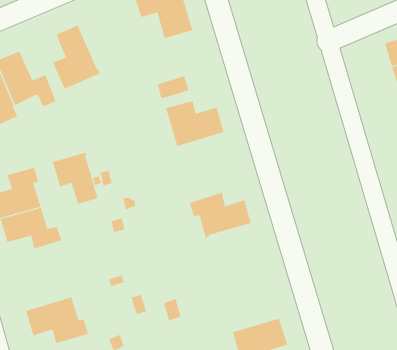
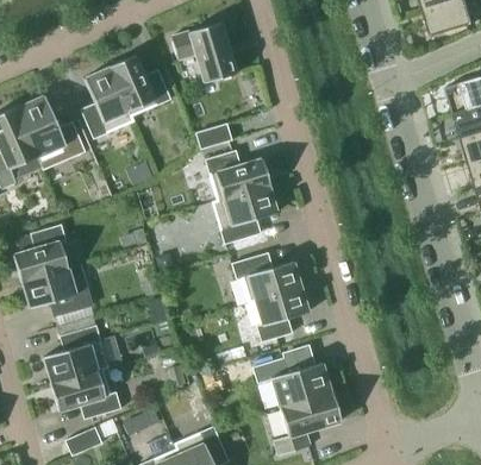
building: none -> [108,54,170,115]
building: none -> [211,186,276,243]
building: [52,152,98,205] -> none
building: none -> [254,285,307,341]
building: none -> [43,325,108,382]
building: none -> [252,357,330,406]

